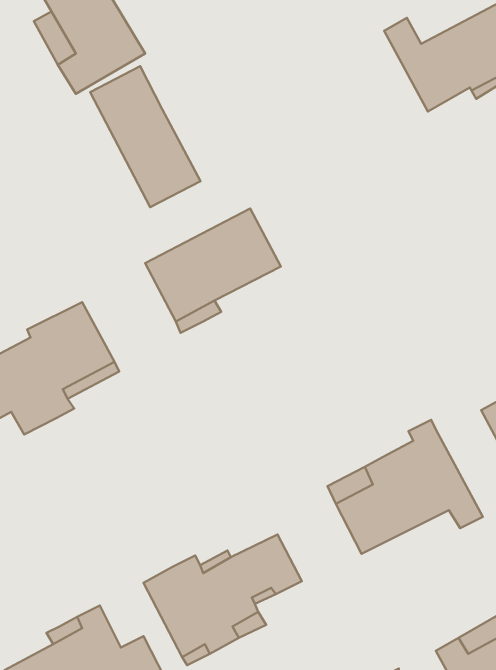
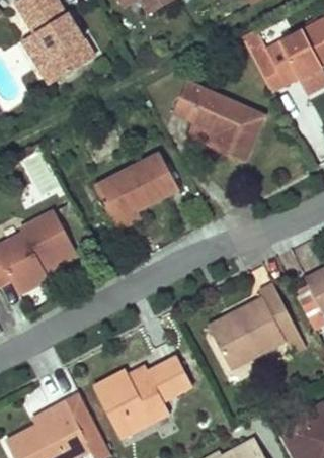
building: [90,66,200,207] -> none
building: none -> [173,80,264,161]

